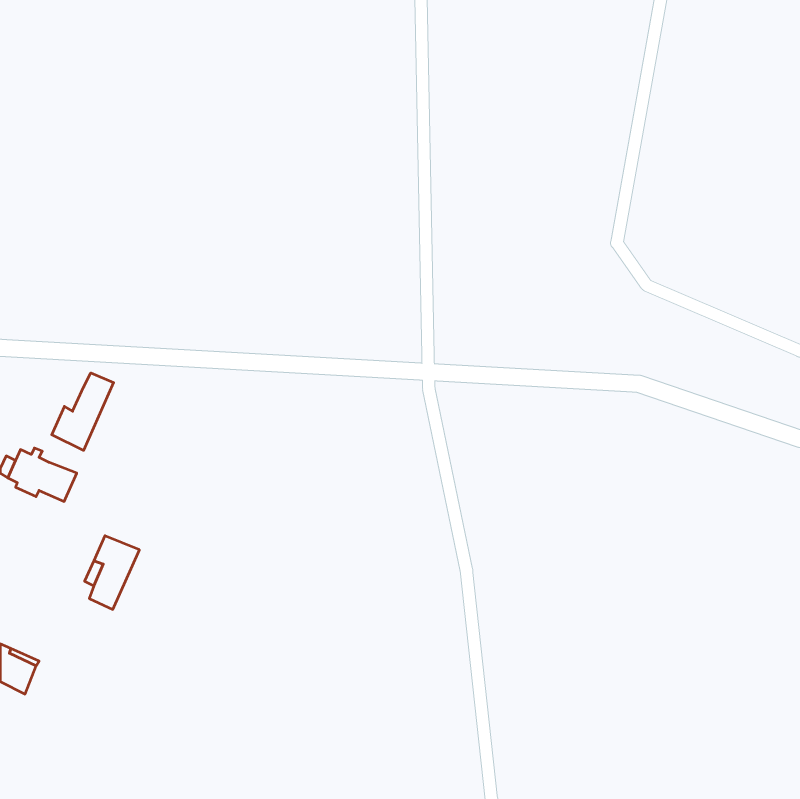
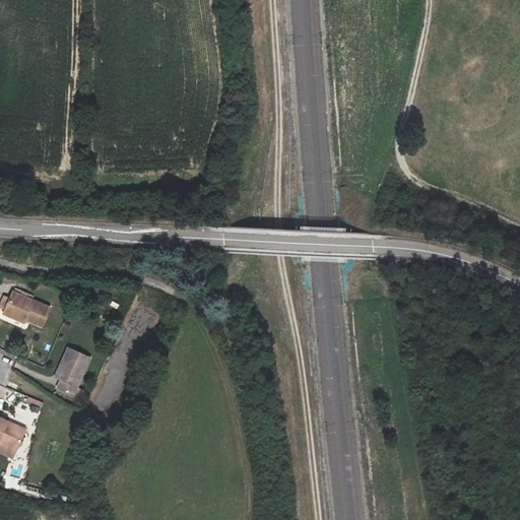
building: [52,373,114,450] -> none

